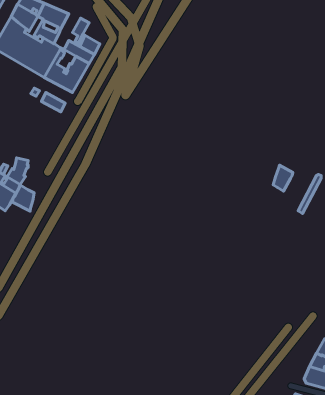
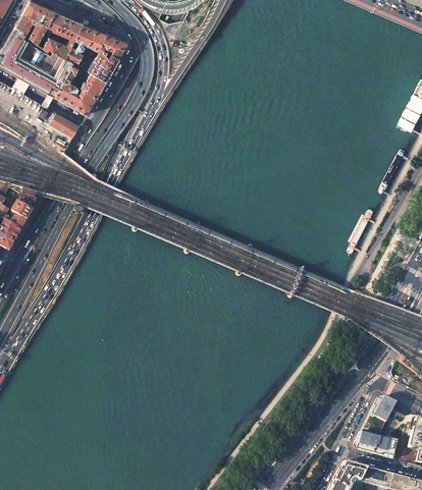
building: none -> [65,23,96,62]
building: none -> [99,34,127,58]
building: [273,165,293,191] -> none
building: [12,185,34,211] -> none

